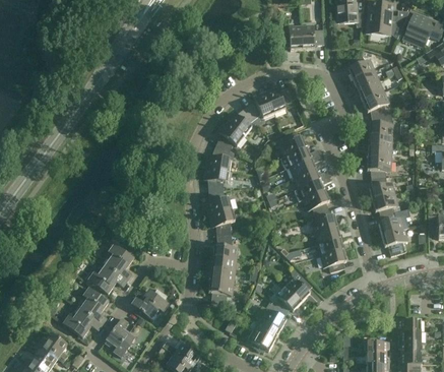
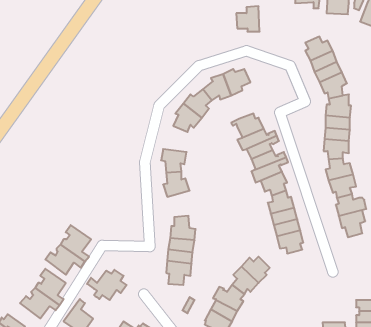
building: [301,23,324,49] -> none
building: [205,143,231,170] -> none
building: [209,208,235,235] -> none

